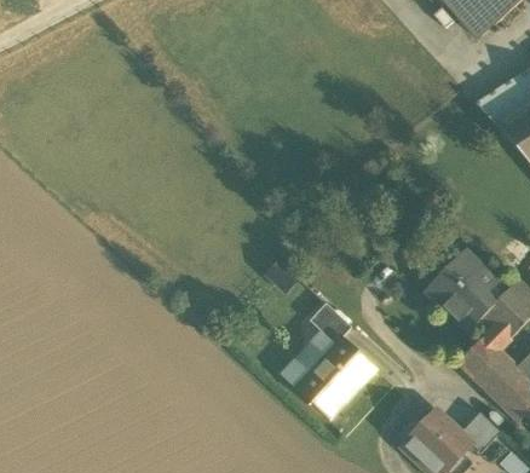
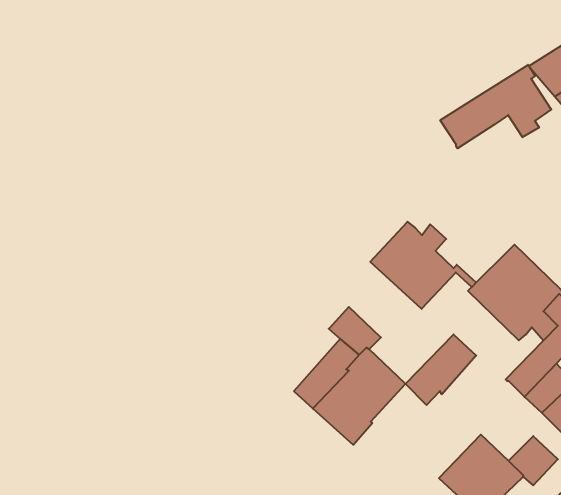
building: none -> [440,65,551,148]
building: none -> [370,222,476,309]
building: none -> [406,334,476,405]

